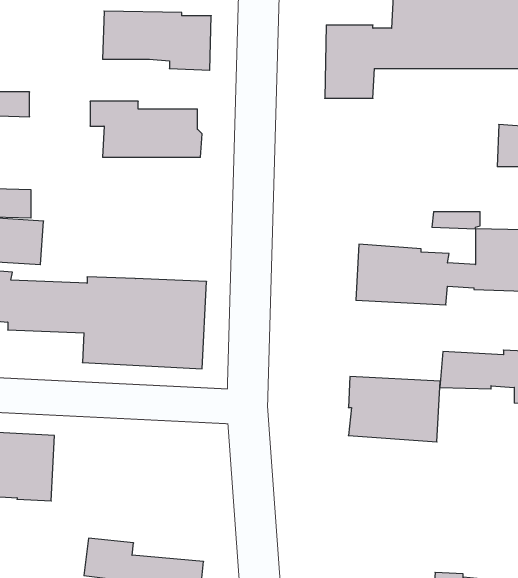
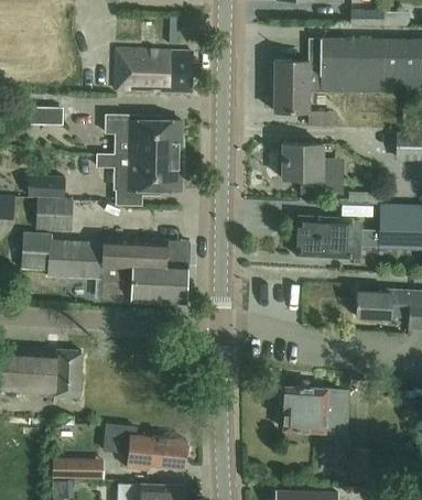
building: none -> [282,143,345,195]
building: none -> [97,153,184,189]
building: [348,377,440,442] -> [283,387,348,433]

